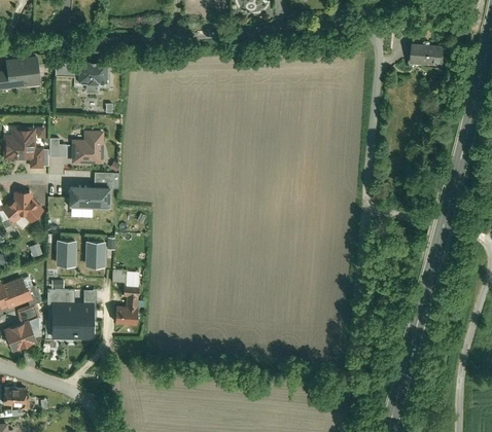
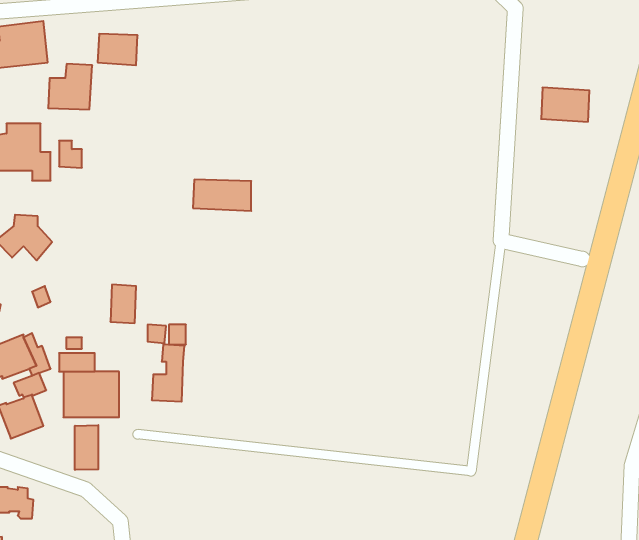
building: [416,43,451,68] -> [541,88,589,122]
building: [70,131,102,164] -> [48,64,92,109]
building: [67,186,109,209] -> [193,180,251,211]
building: [57,240,75,267] -> none
building: none -> [75,425,98,470]

